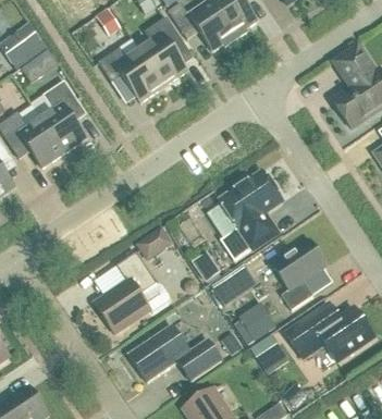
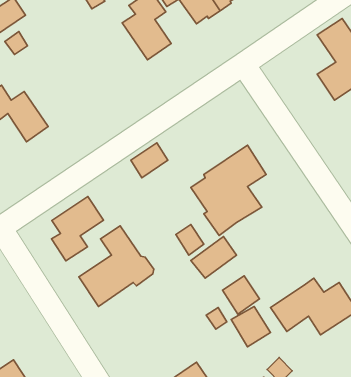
building: [98,48,163,101] -> none
building: [40,81,86,152] -> none
building: none -> [51,196,104,261]
building: [137,223,174,258] -> [131,143,168,178]
building: [273,239,326,309] -> none
building: [128,324,222,381] -> none

